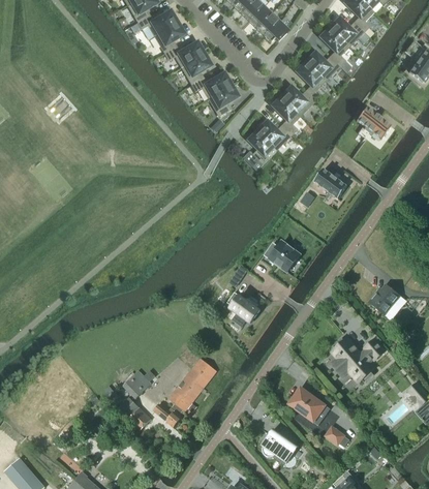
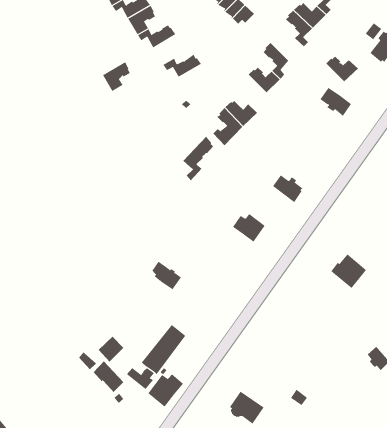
building: [181,53,211,85] -> [102,61,131,92]
building: [305,53,340,81] -> [325,56,359,82]
building: [208,84,238,116] -> none
building: [273,95,301,135] -> none
building: none -> [183,136,214,181]
building: [314,169,347,198] -> [272,175,303,203]
building: [227,292,259,323] -> [151,261,182,290]
building: [332,337,381,383] -> none
building: [288,387,330,425] -> none
building: none -> [148,373,184,407]

